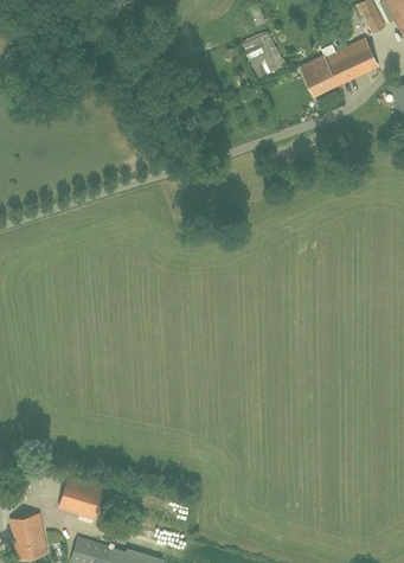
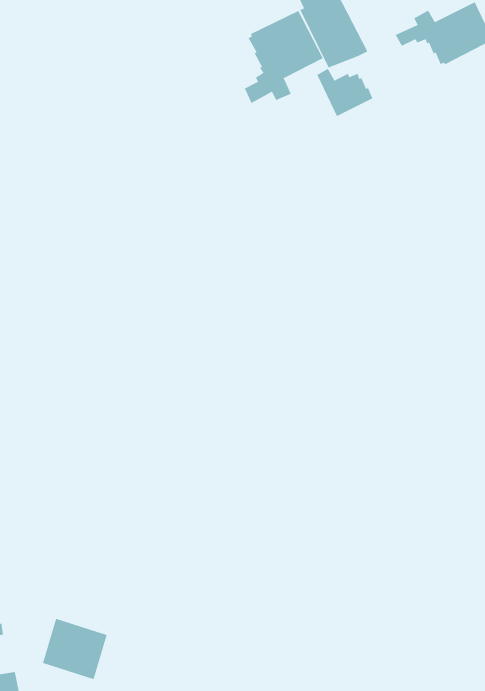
building: none -> [244,10,323,104]
building: [301,62,341,96] -> [316,68,373,117]

